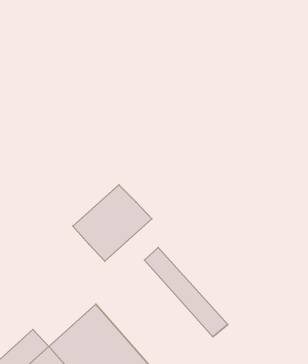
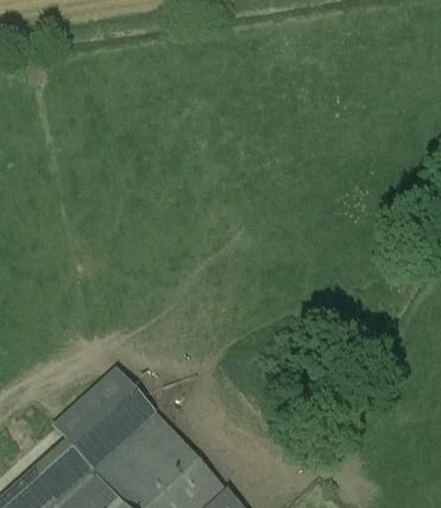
building: [73,185,152,261] -> [57,374,157,470]
building: [144,247,228,337] -> none

